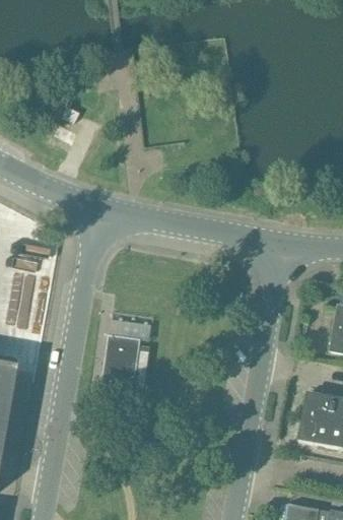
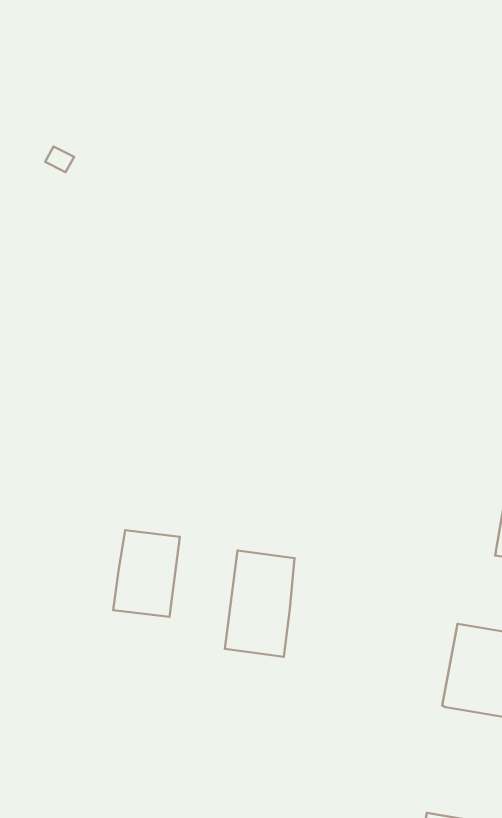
building: none -> [225,551,295,657]

